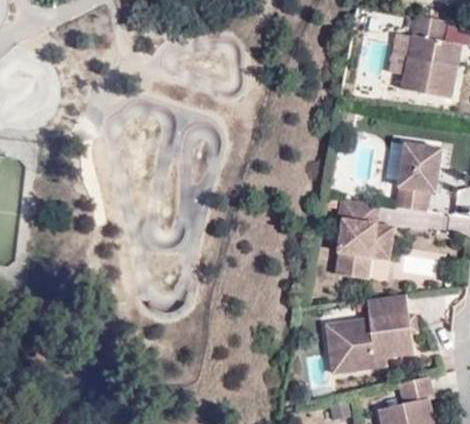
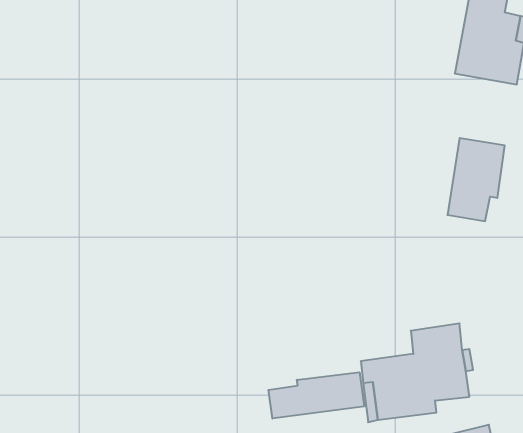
building: [333,196,393,278] -> none
building: none -> [268,372,364,419]

